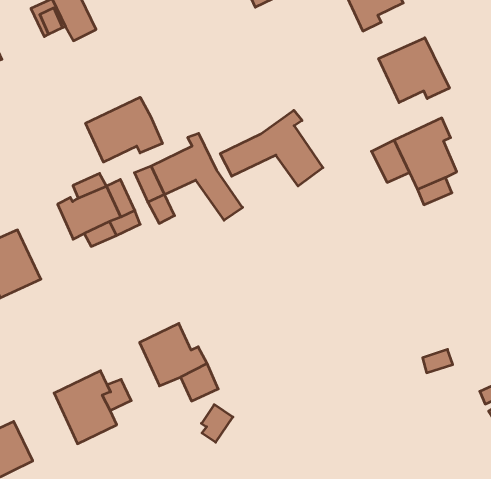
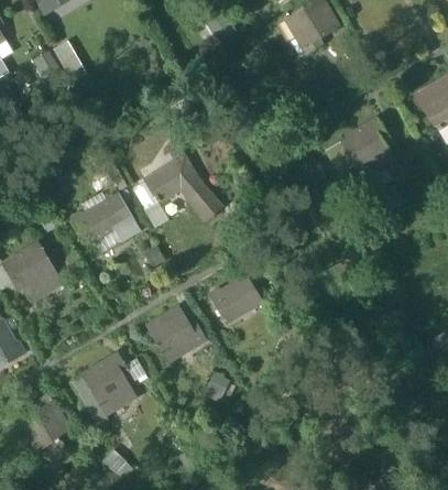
building: [379,38,449,103] -> none
building: [86,97,162,162] -> none
building: [220,110,323,186] -> none
building: none -> [209,275,262,323]

